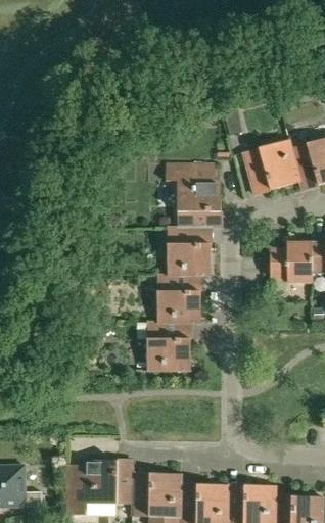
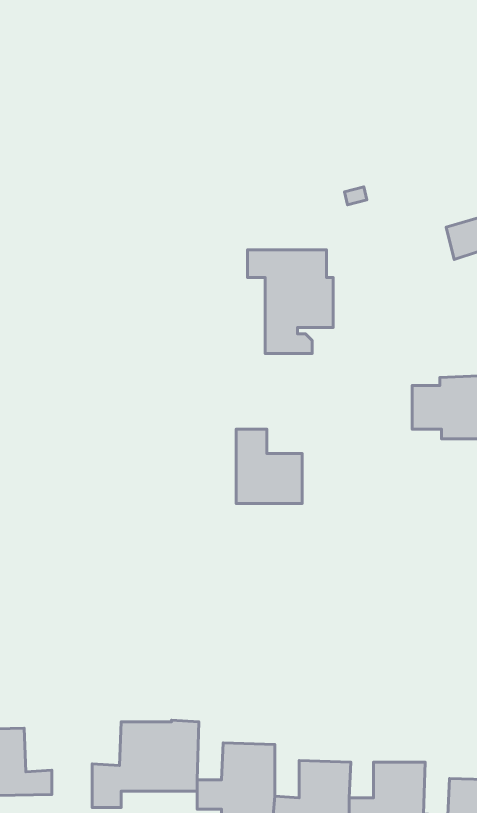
building: [242,139,299,189] -> none
building: [168,228,212,276] -> none
building: [137,323,192,371] -> none

